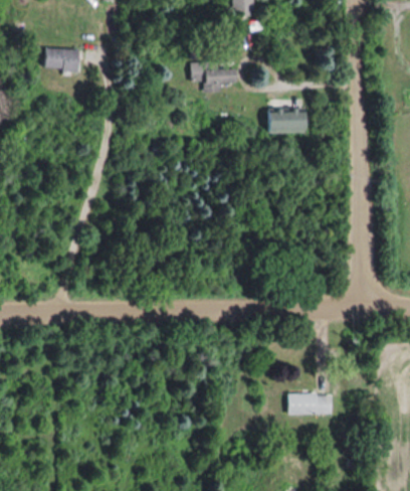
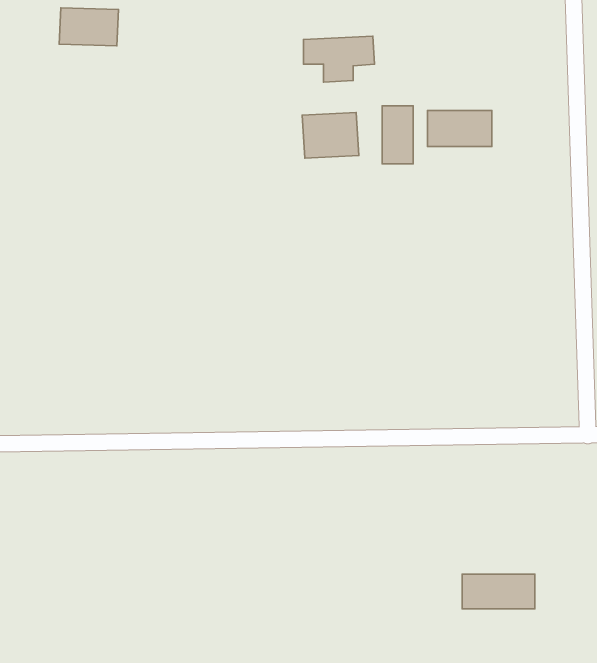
building: none -> [382,106,413,164]
building: none -> [302,113,359,158]

